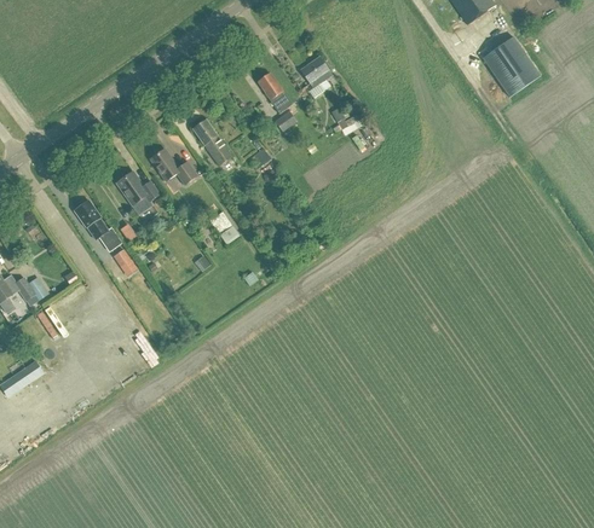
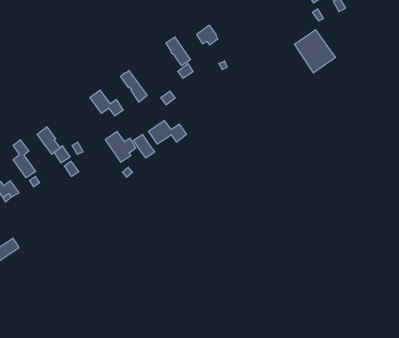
building: [481,36,540,97] -> [294,30,335,73]
building: [115,170,158,214] -> [105,131,136,162]
building: none -> [149,120,186,144]
building: none -> [13,140,35,178]

